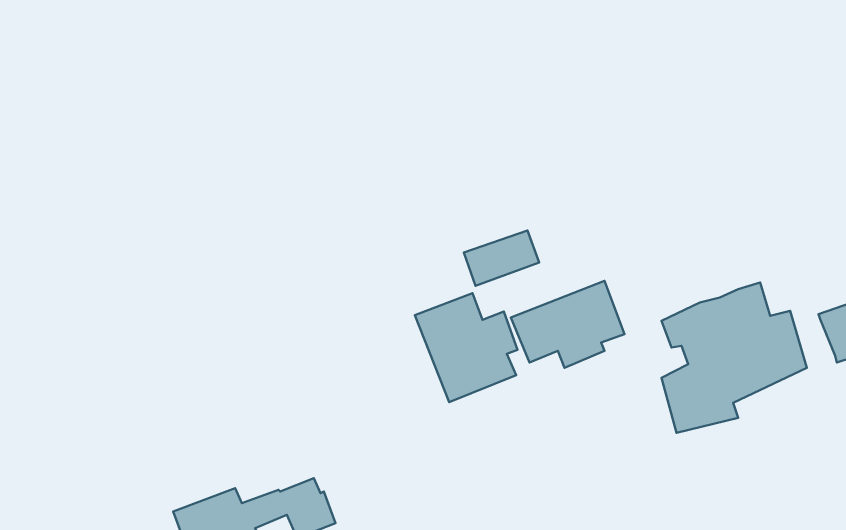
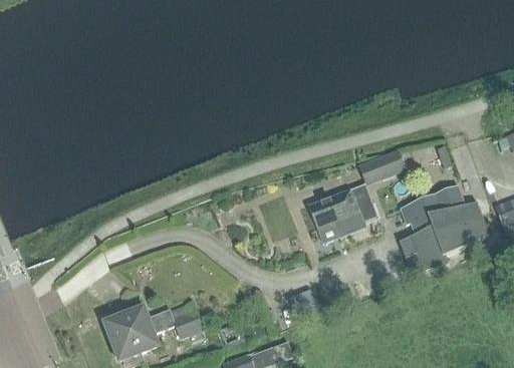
building: [464,231,539,286] -> [358,150,404,183]
building: [415,293,517,402] -> none

